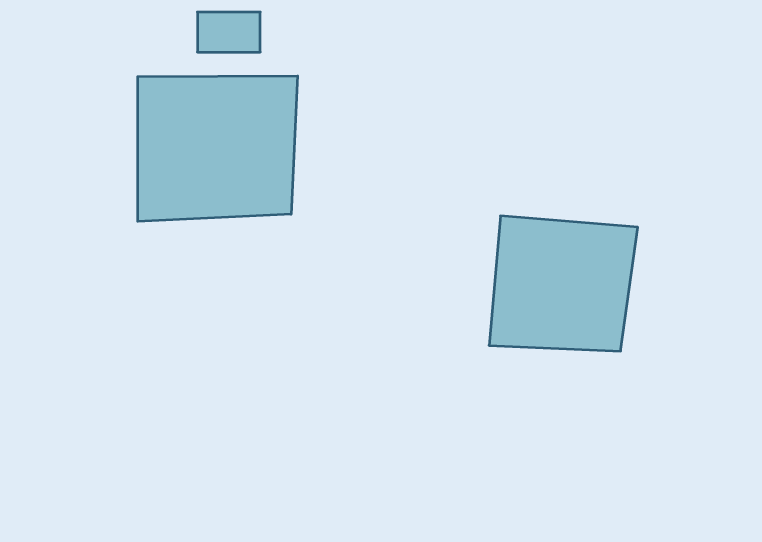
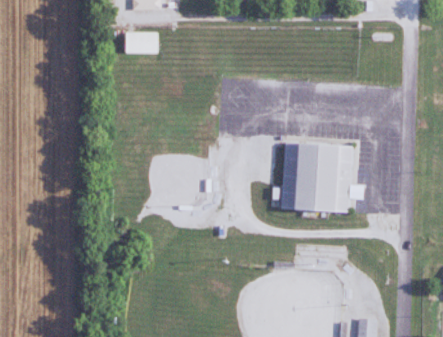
building: [138,76,298,221] -> none

